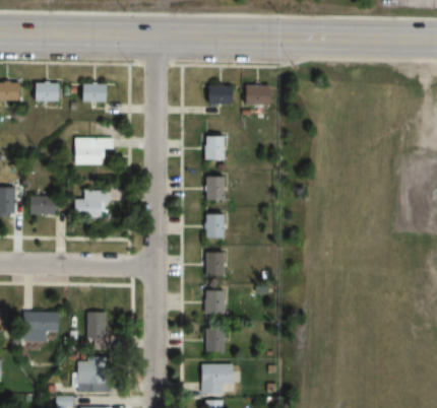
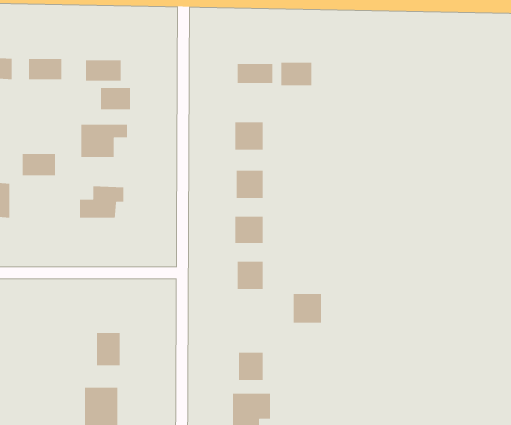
building: none -> [100,87,131,110]
building: [29,195,58,214] -> [22,153,56,176]
building: [204,288,229,314] -> [293,293,322,323]
building: [22,312,60,346] -> none

